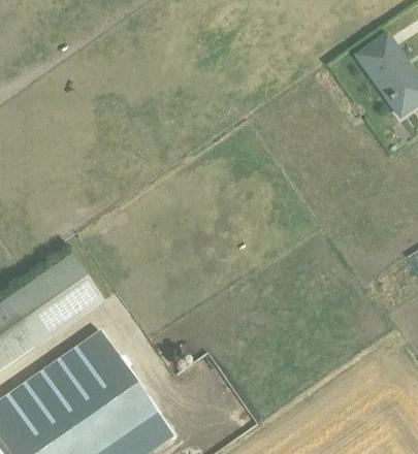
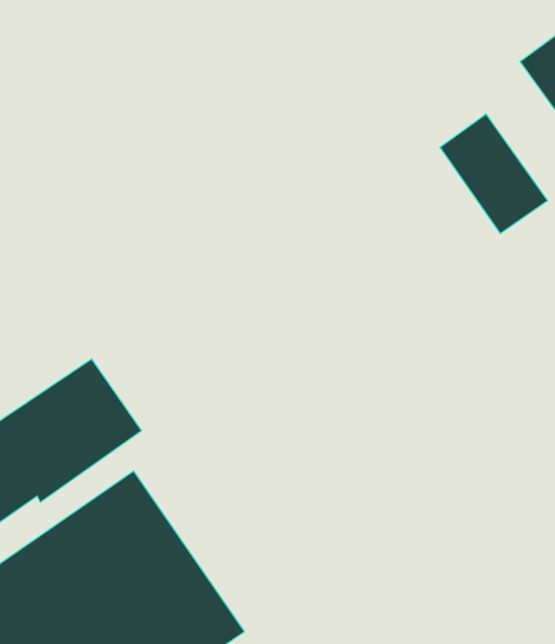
building: none -> [440,114,548,233]

